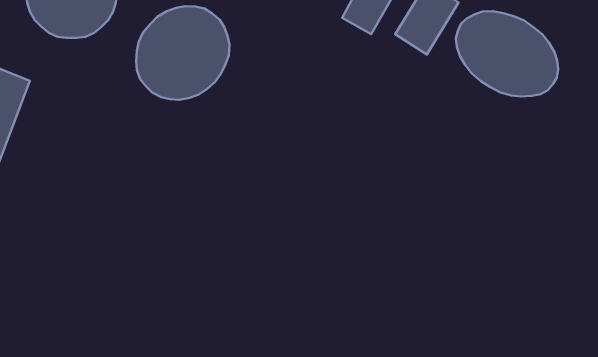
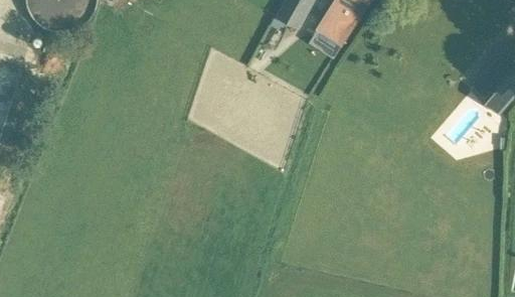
building: [136,6,229,100] -> none
building: [456,11,558,96] -> none

